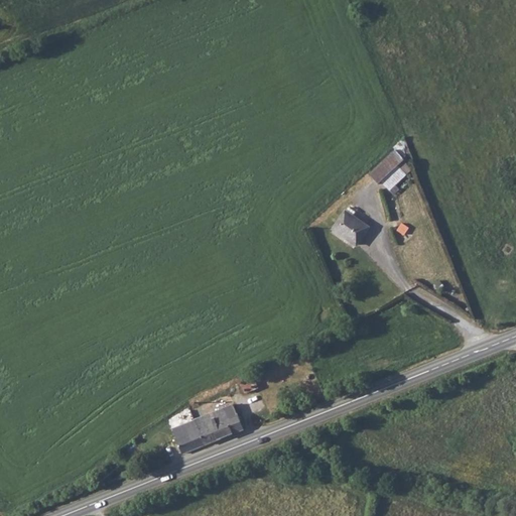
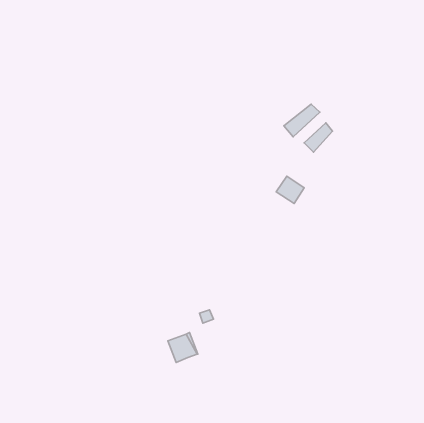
building: none -> [284,104,320,137]
building: [173,413,215,453] -> none

